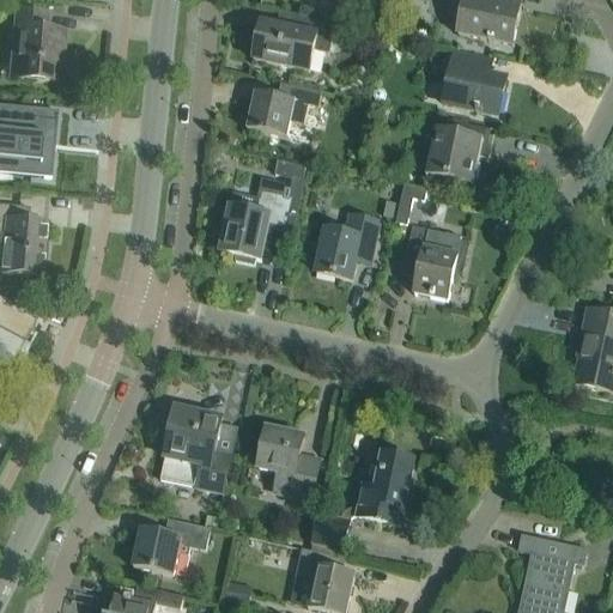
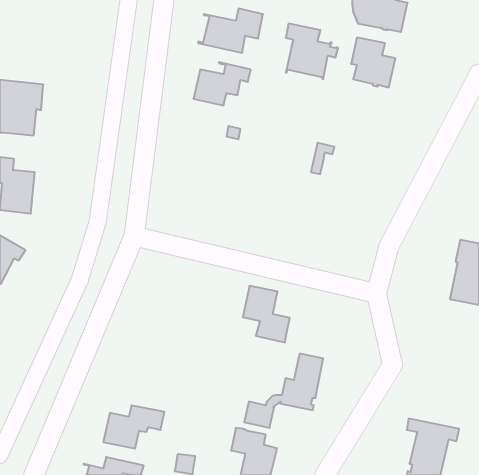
building: [11,7,63,78] -> none
building: [424,111,491,182] -> [286,24,338,79]
building: [219,187,290,261] -> none
building: [315,212,377,275] -> none
building: [402,221,459,297] -> none
building: [159,408,229,490] -> none
building: [257,425,317,497] -> [243,286,290,342]

